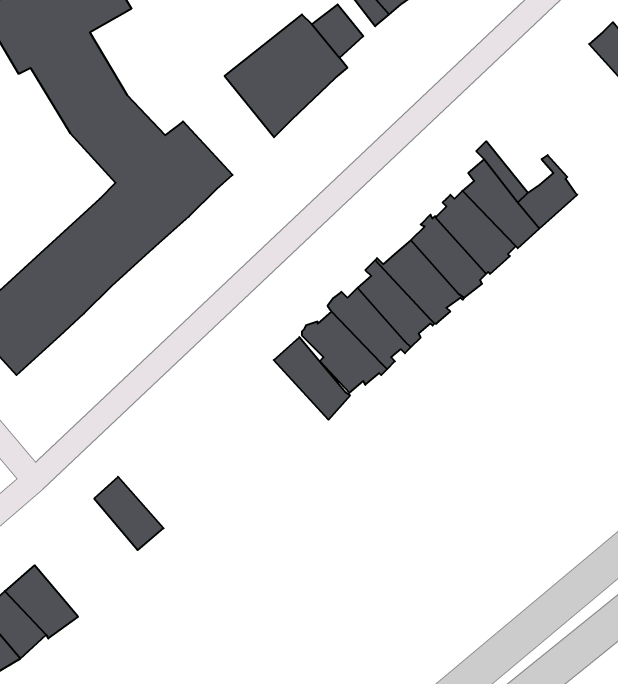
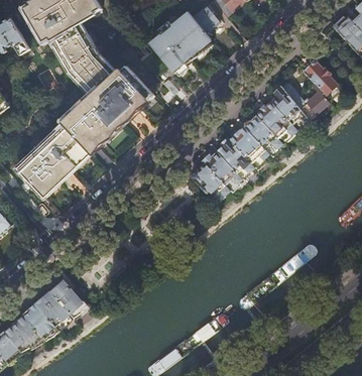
building: none -> [303,59,341,101]
building: [274,337,350,420] -> none
building: [94,477,164,550] -> [51,279,87,317]

